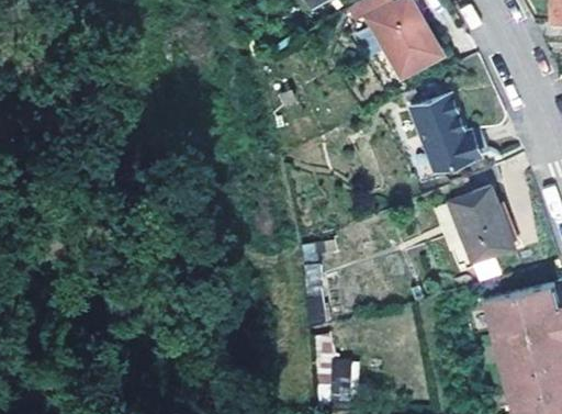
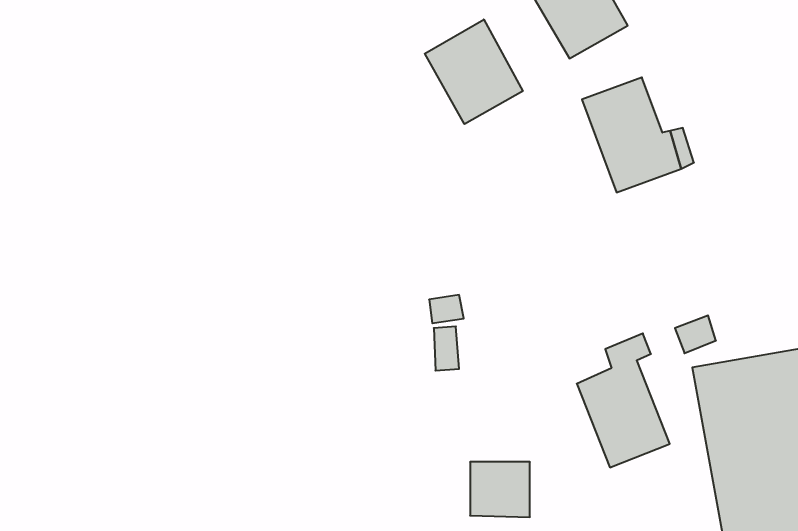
building: none -> [425,19,523,124]
building: [447,169,512,262] -> [577,333,670,467]

